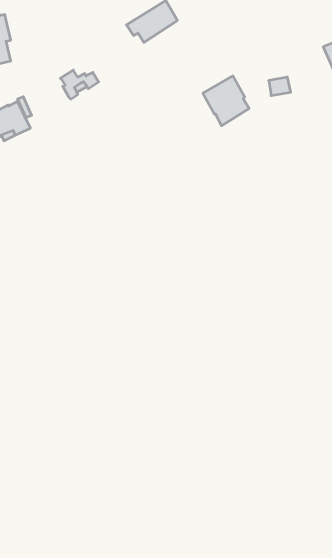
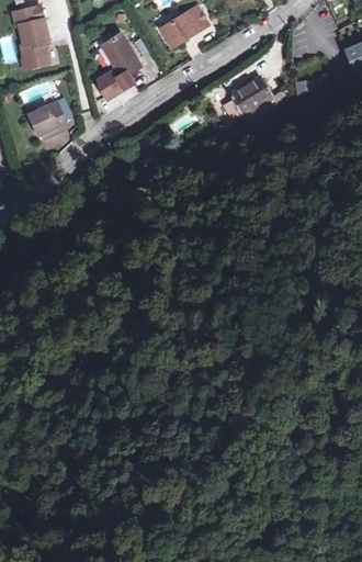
building: none -> [100,32,139,77]

